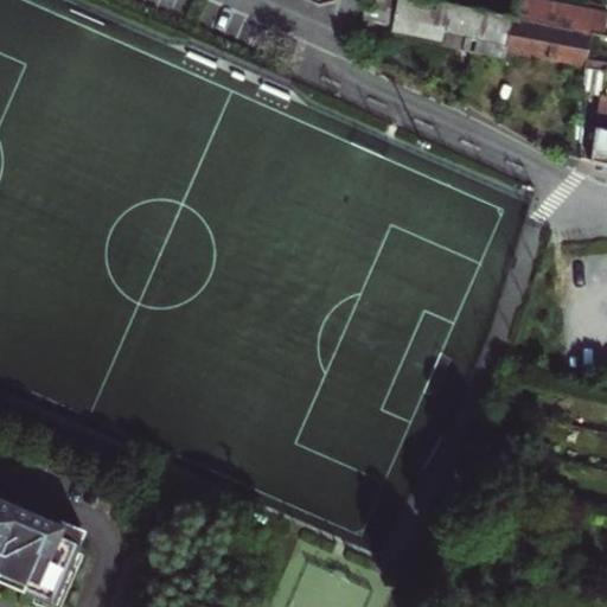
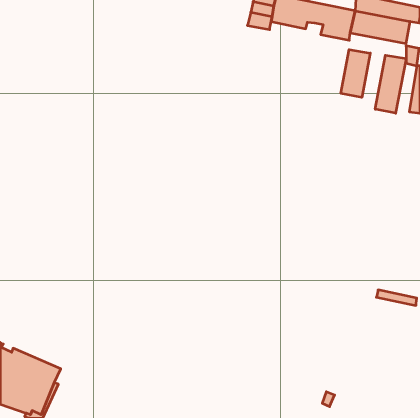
building: none -> [341,50,370,97]
building: none -> [375,55,406,113]

